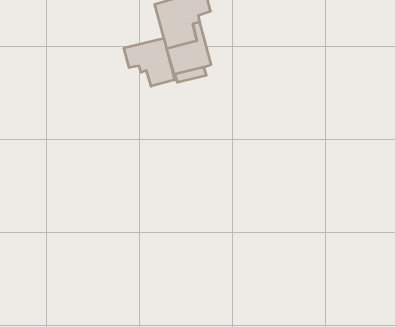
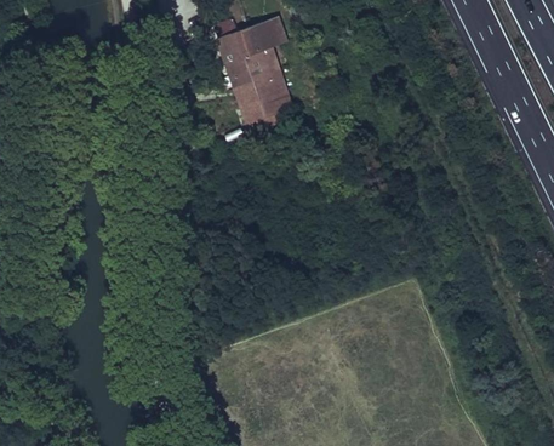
building: [124,38,175,86] -> none

